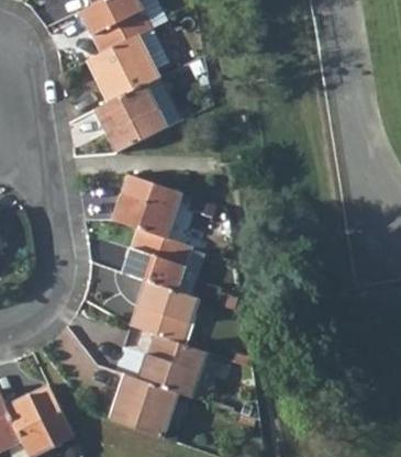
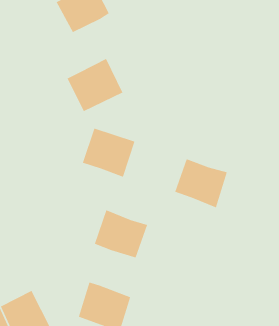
building: [88,34,159,102] -> none
building: [122,227,191,292] -> [174,158,228,208]
building: [136,333,205,398] -> none

